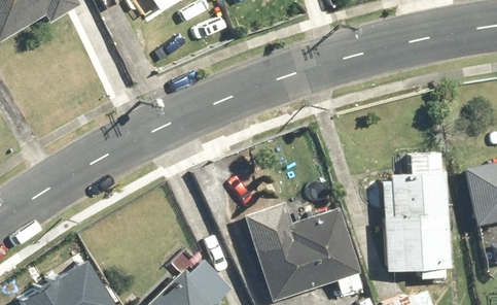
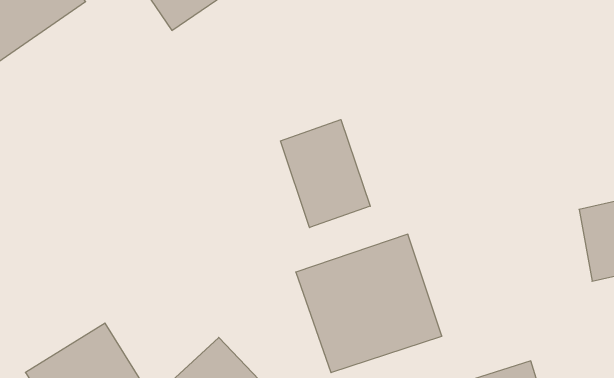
building: none -> [280,120,370,228]
building: [384,169,452,269] -> none

